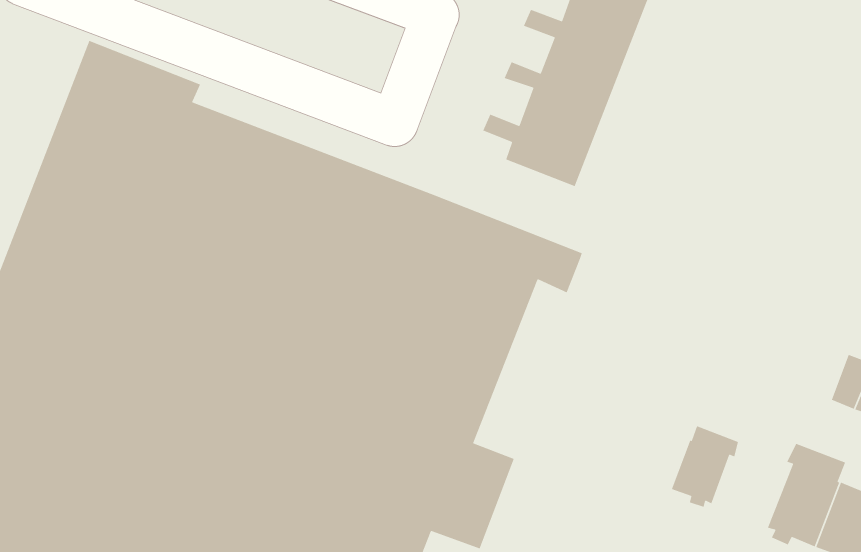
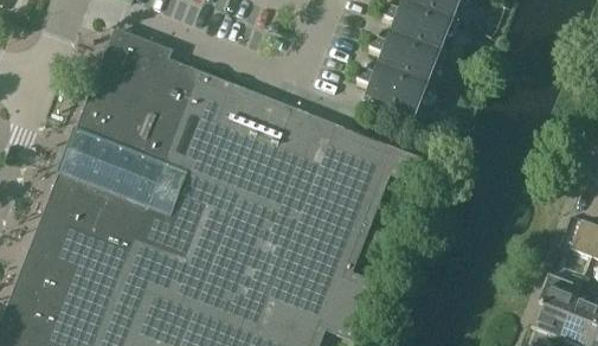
building: [671,425,739,508] -> none

